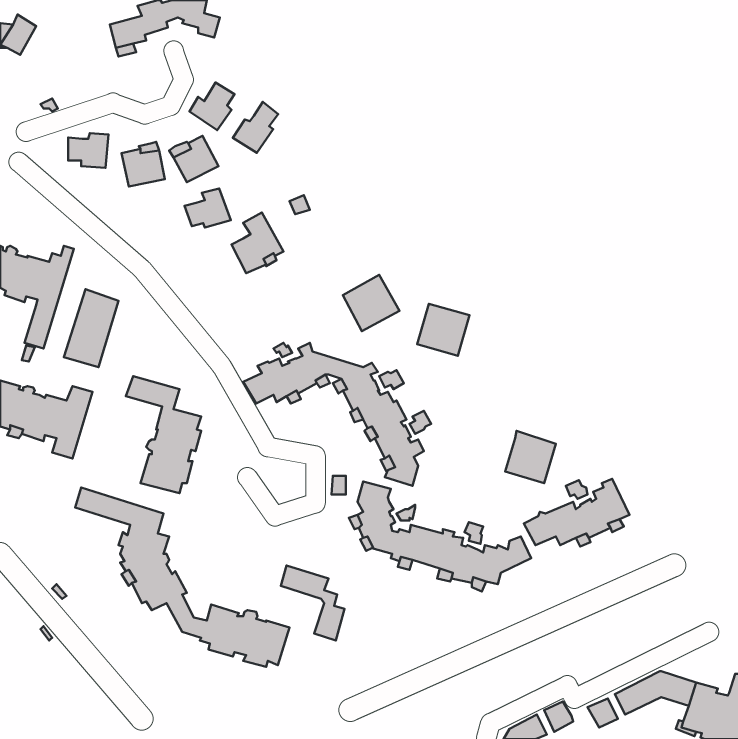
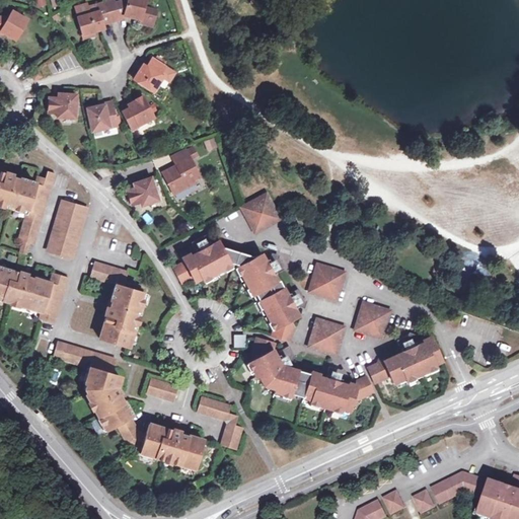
building: [233,102,278,153] -> none
building: [184,188,231,228] -> [127,177,159,205]
building: [417,304,469,356] -> [309,264,346,300]
building: none -> [309,318,345,354]
building: none -> [146,377,177,401]

